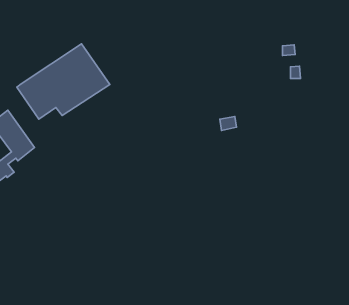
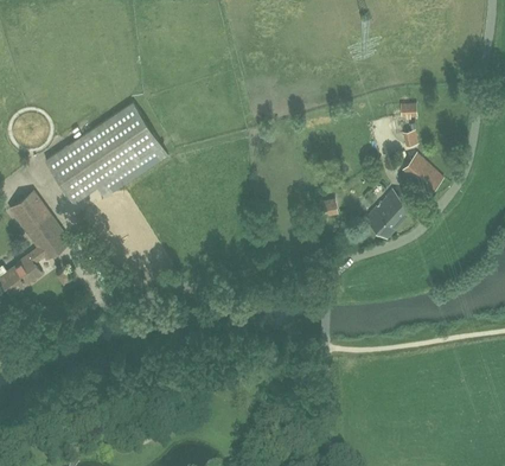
building: none -> [401,153,442,194]
building: none -> [364,190,411,238]

